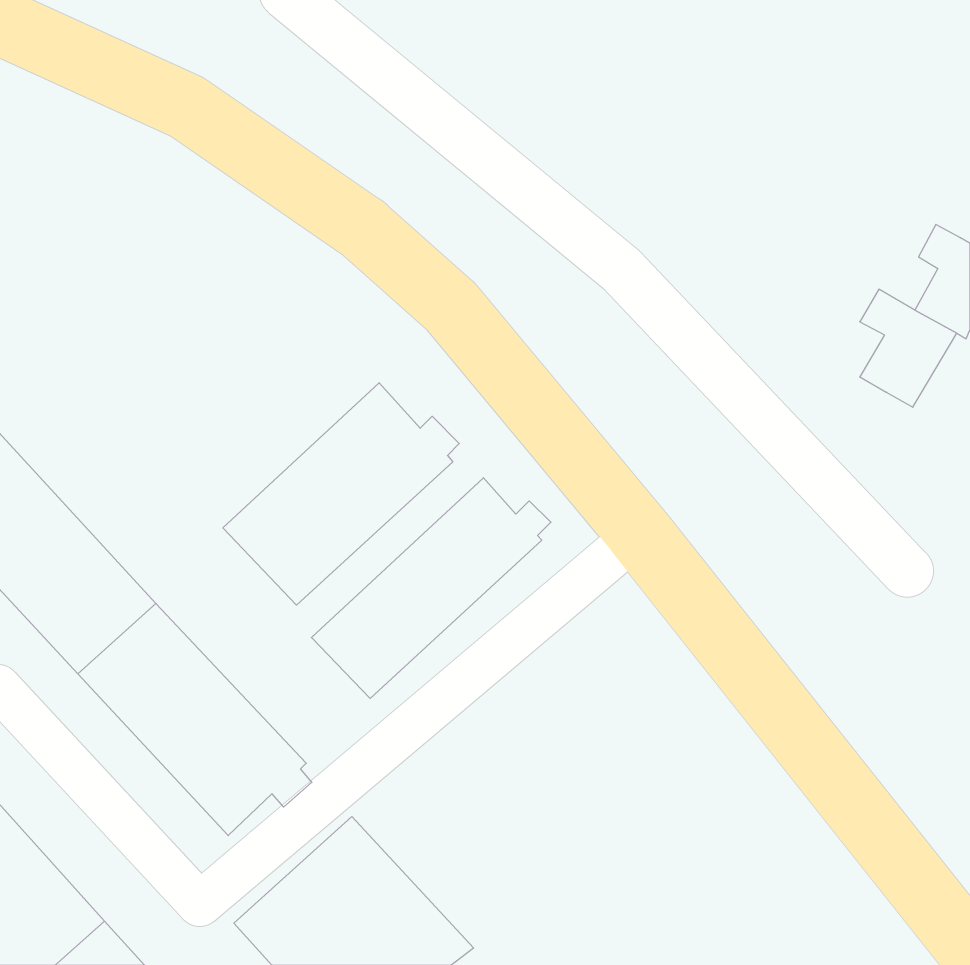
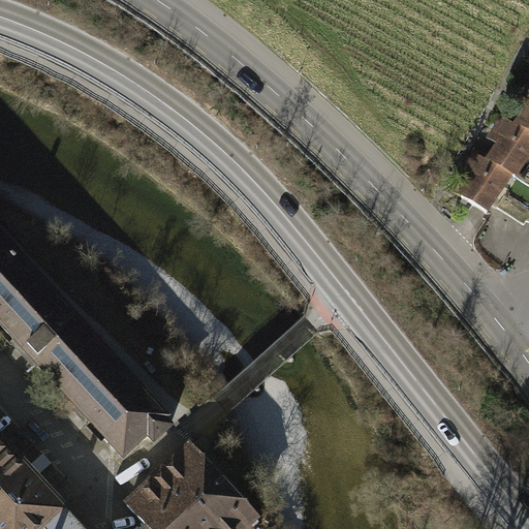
building: [223,383,459,605] -> none
building: [311,478,551,698] -> none

